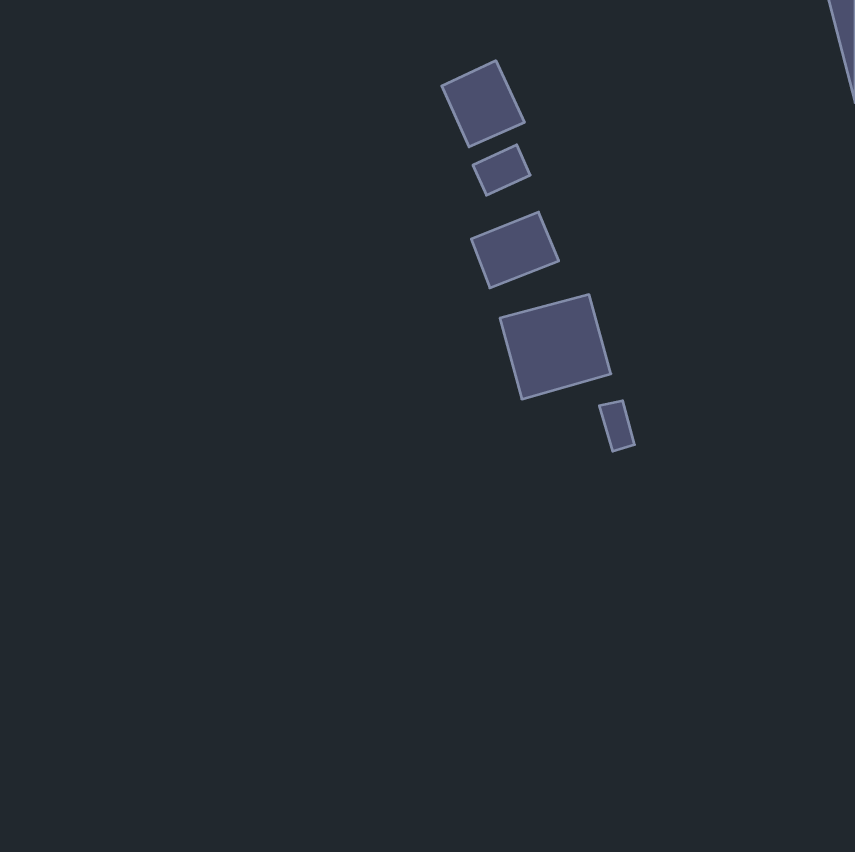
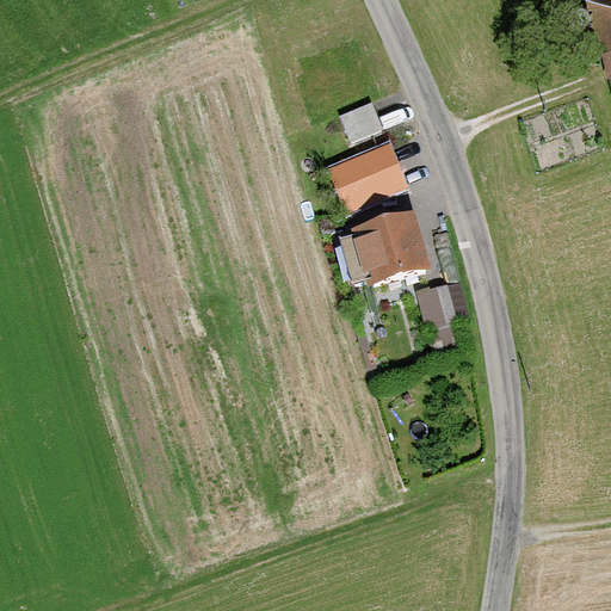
building: [442,61,524,147] -> none

